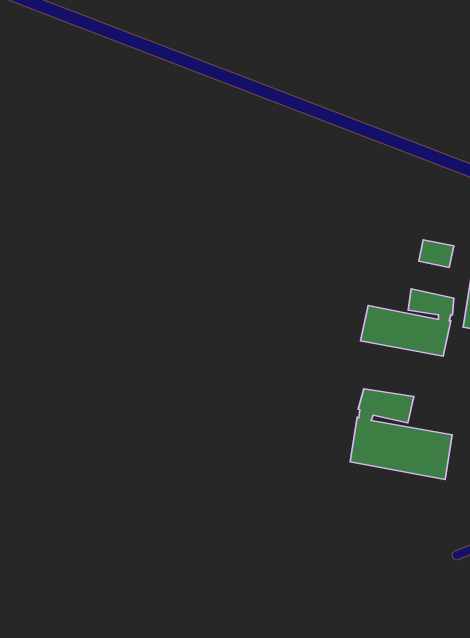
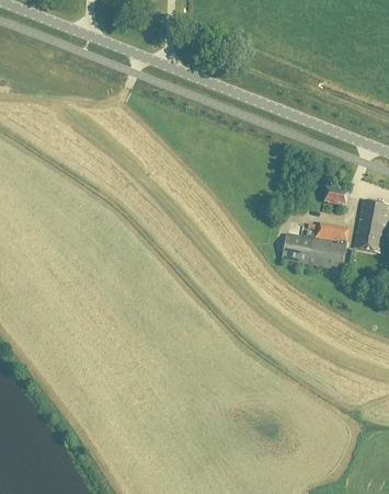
building: [350,389,452,479] -> none

